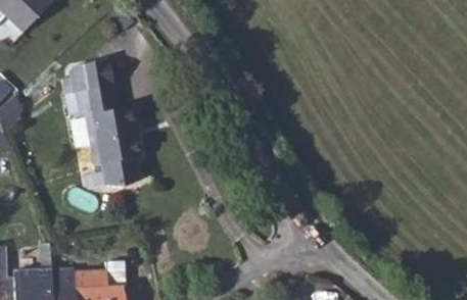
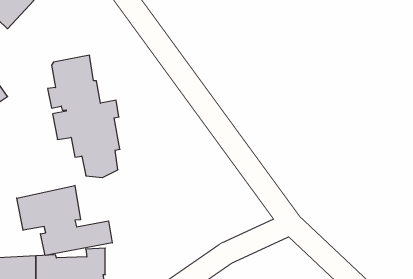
building: none -> [17,185,112,255]

